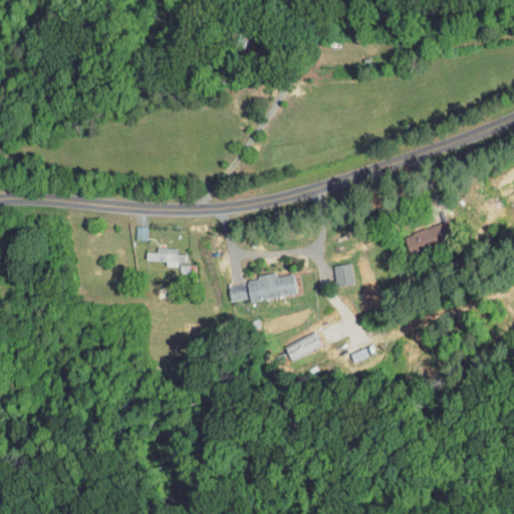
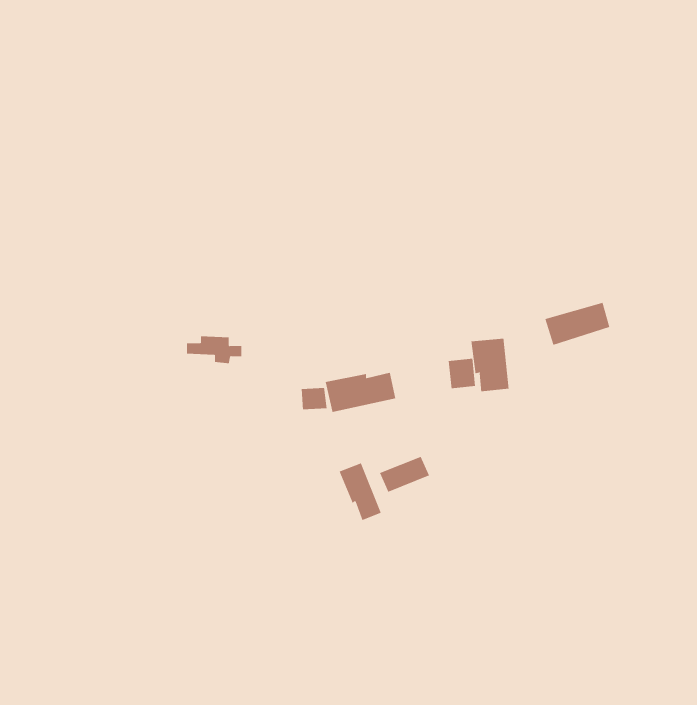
building: none -> [471,338,509,392]
building: none -> [339,462,381,521]

